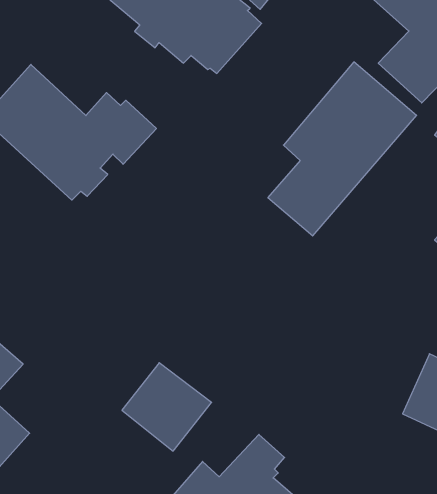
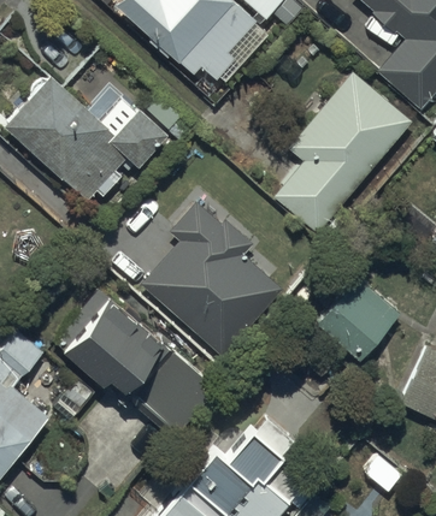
building: none -> [142,203,283,358]
building: none -> [317,278,401,362]
building: none -> [55,292,163,386]

